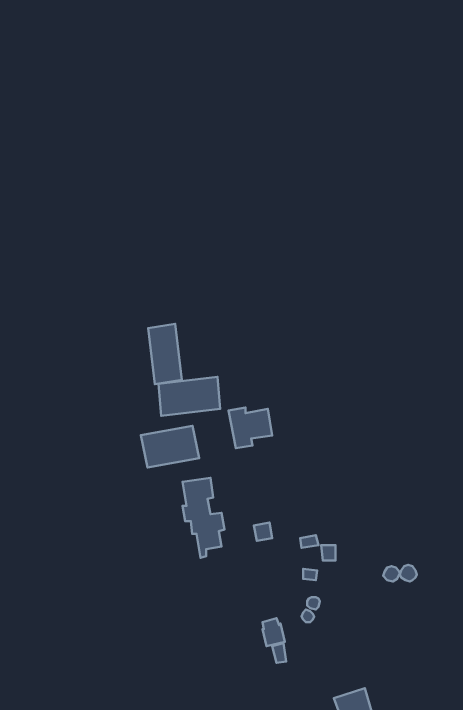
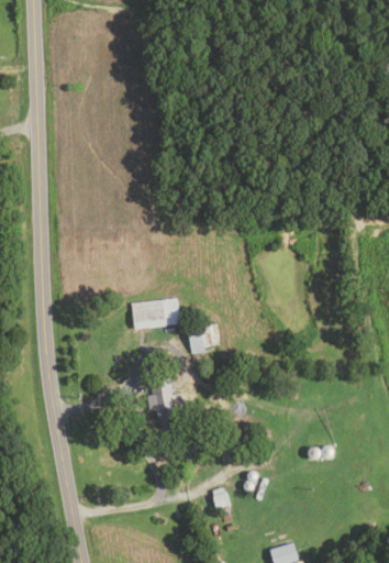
building: [148,324,182,384] -> none
building: [141,426,199,468] -> none

